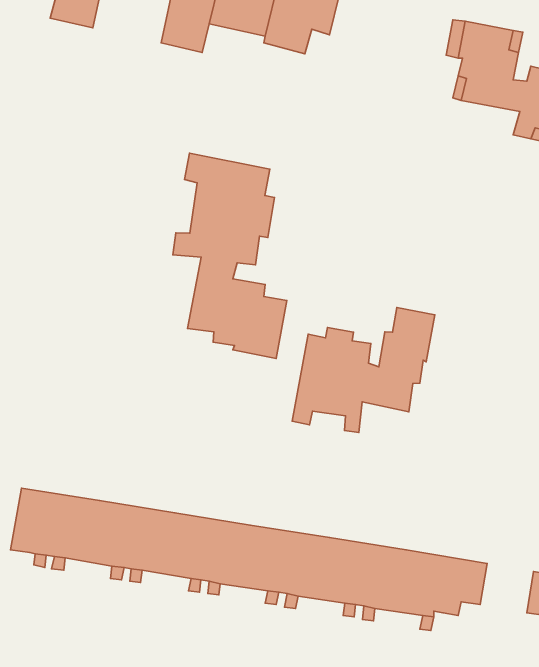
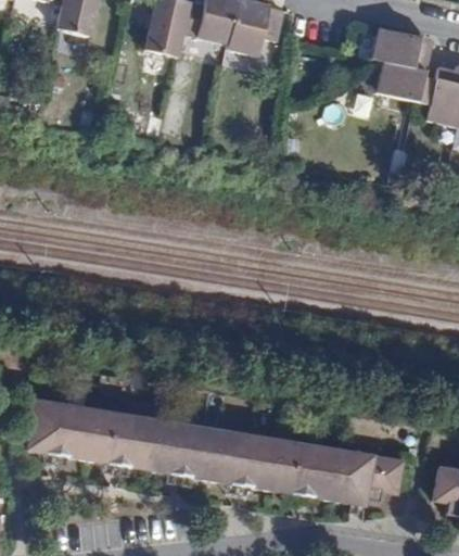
building: [173,153,287,358] -> none
building: [292,308,435,433] -> none

